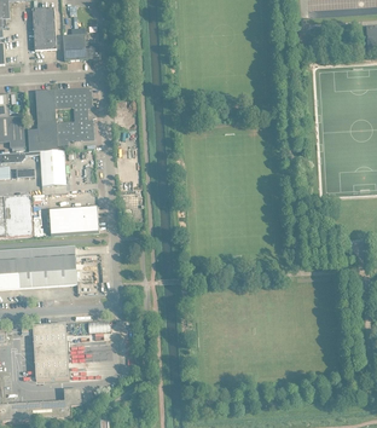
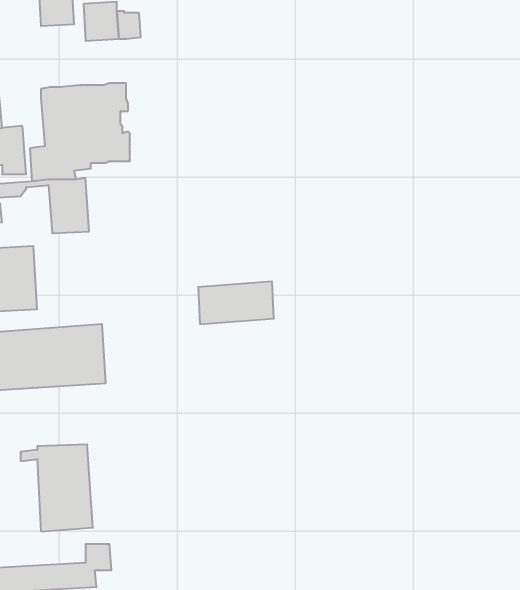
building: [48,207,98,235] -> [198,281,274,324]

